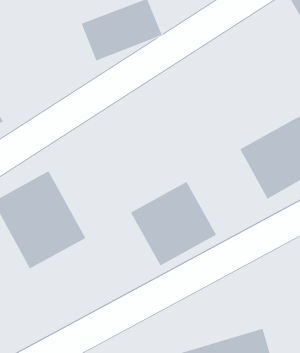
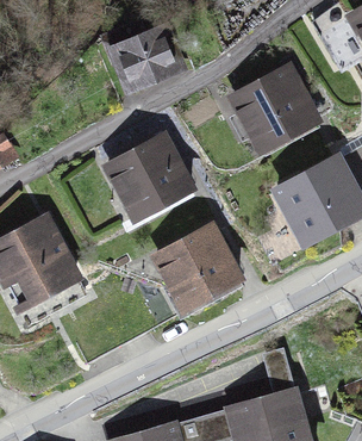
building: none -> [220,60,318,159]
building: none -> [105,132,198,222]

